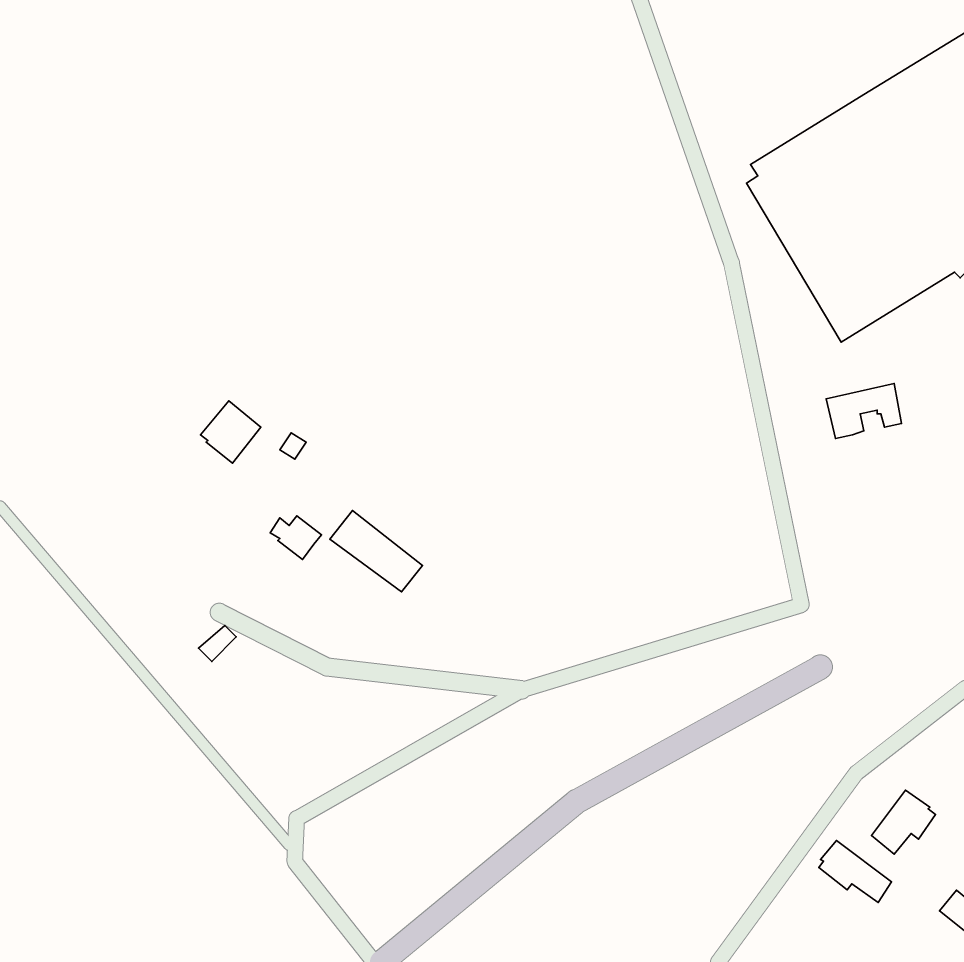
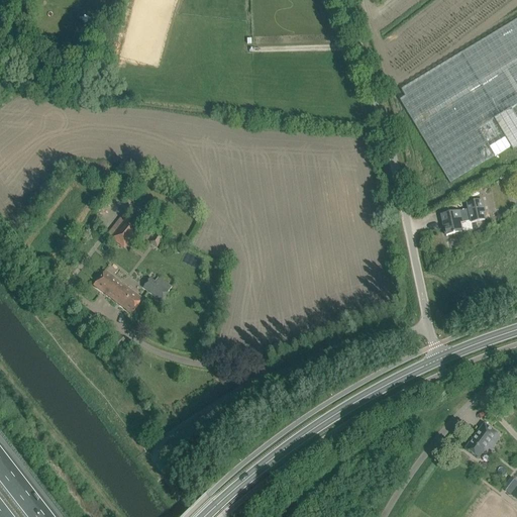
building: [330,511,422,592] -> [94,269,143,312]
building: [819,841,891,902] -> none

